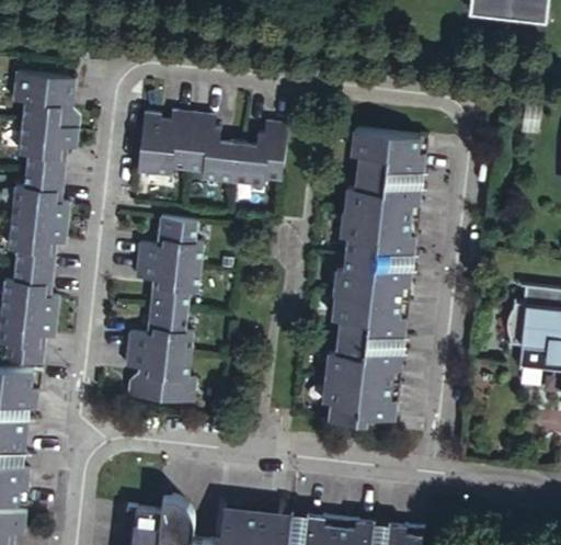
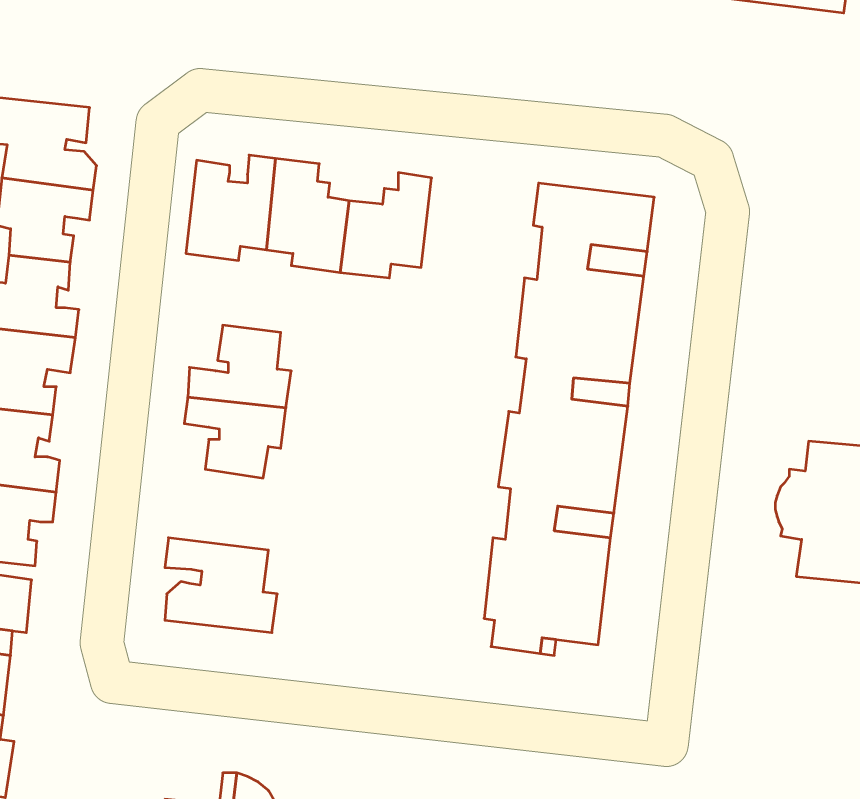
building: [125,304,190,354] -> none

